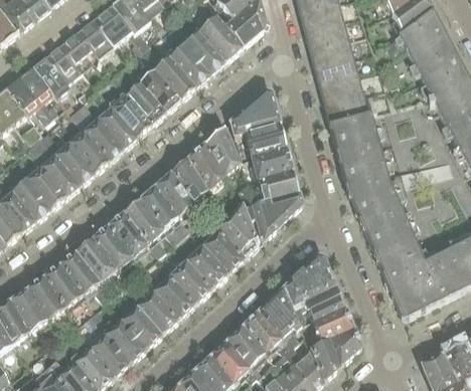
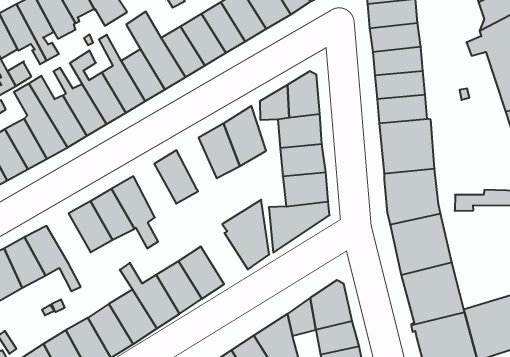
building: [169,160,205,202] -> none
building: [138,187,188,243] -> none
building: [202,233,244,274] -> none
building: [74,239,126,291] -> none

